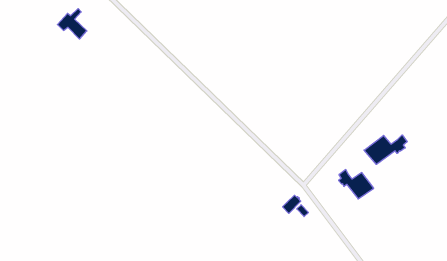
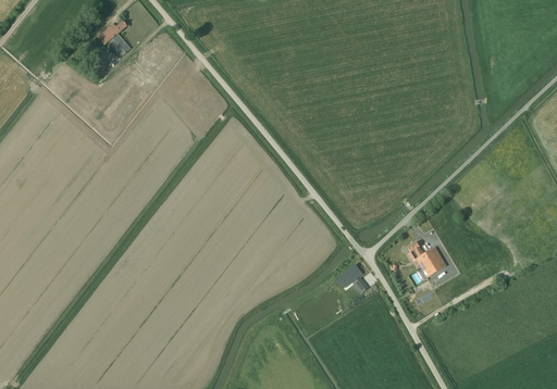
building: [364,135,407,164] -> none

